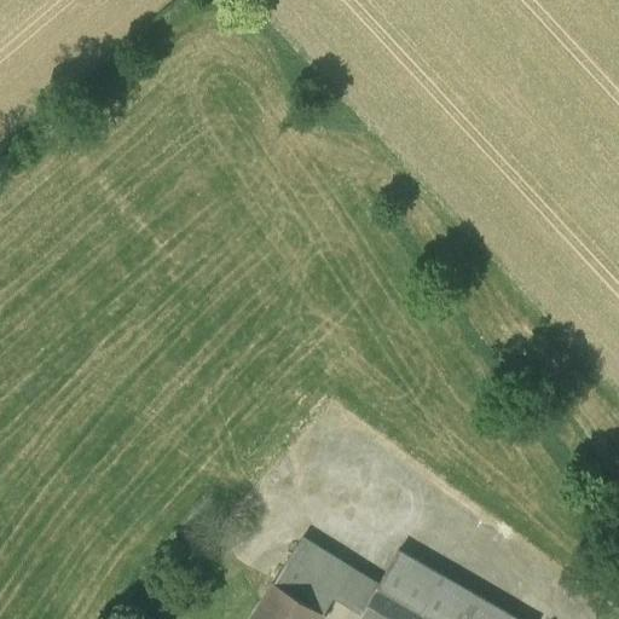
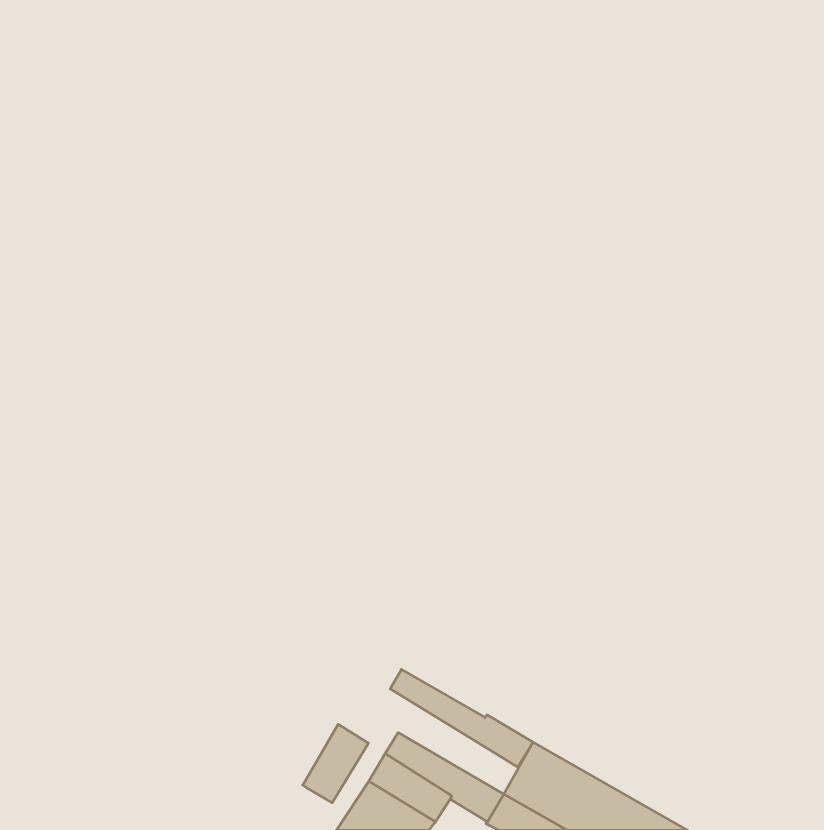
building: none -> [390,669,533,767]
building: none -> [303,724,368,803]

